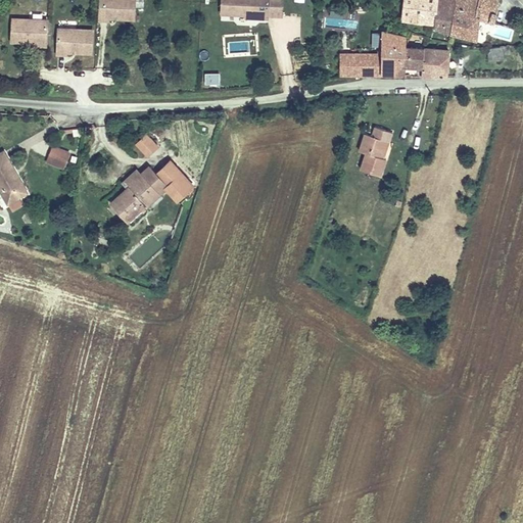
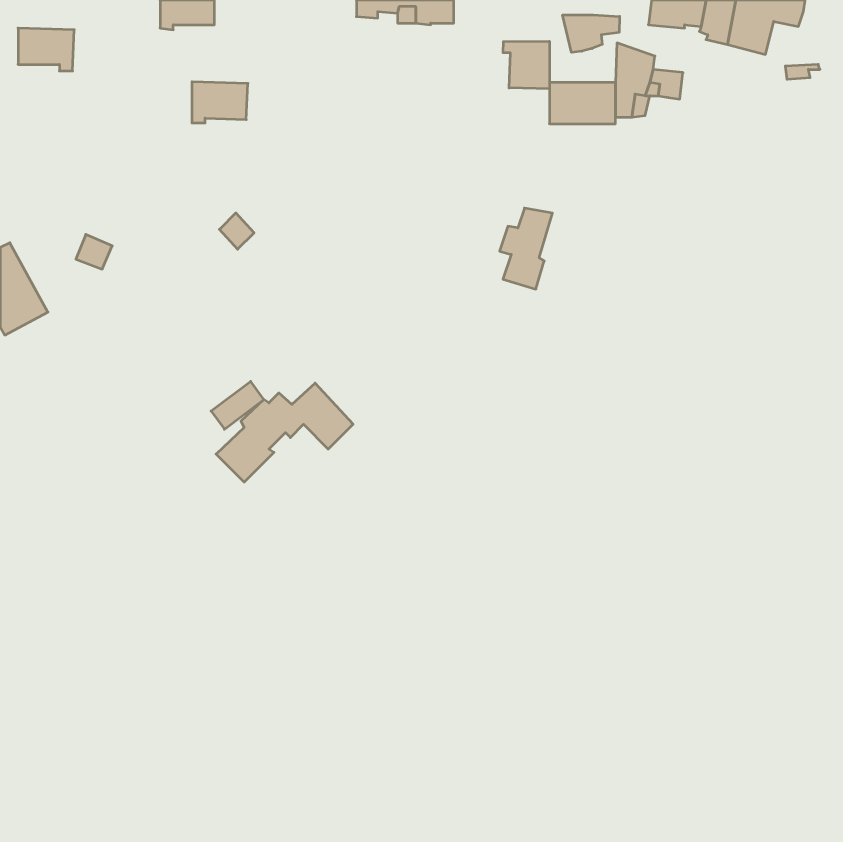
building: none -> [563,15,620,52]
building: none -> [503,41,549,89]
building: [57,28,92,53] -> [192,82,248,123]
building: [420,46,447,73] -> none
building: [360,127,392,177] -> [500,208,552,289]
building: [110,160,195,222] -> [216,383,353,482]

